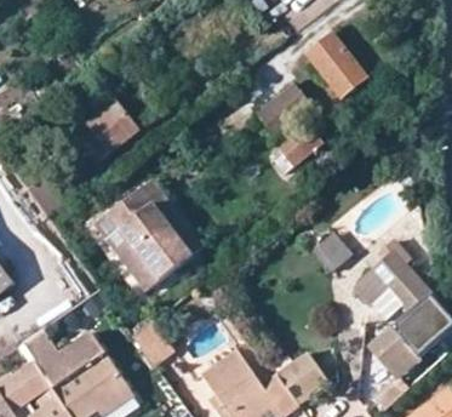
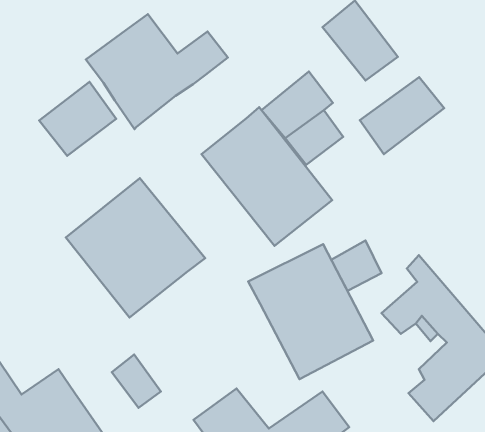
building: none -> [86,14,228,129]
building: none -> [360,77,444,154]
building: none -> [201,107,332,246]
building: none -> [248,244,373,379]

